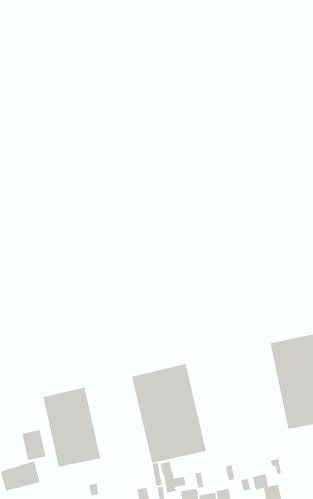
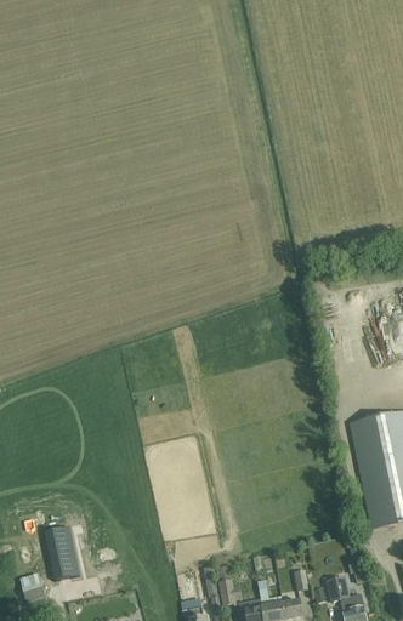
building: [132,363,206,463] -> none
building: [43,387,101,468] -> none

